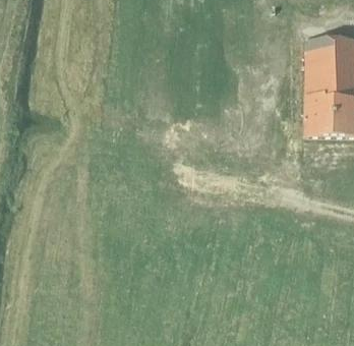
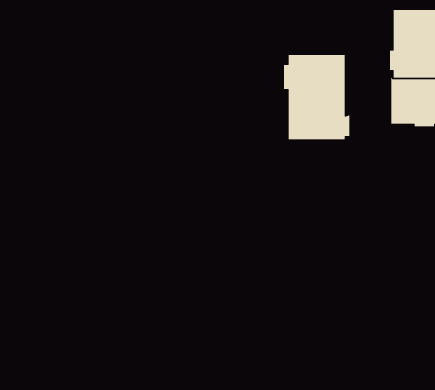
building: none -> [283,54,350,140]

